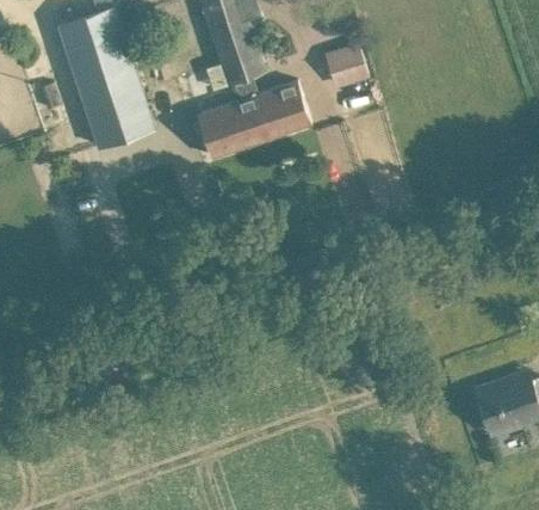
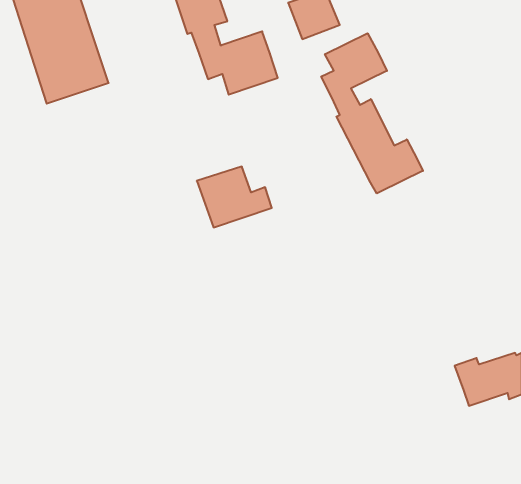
building: none -> [321,33,423,193]
building: [197,102,266,158] -> [197,167,272,227]

